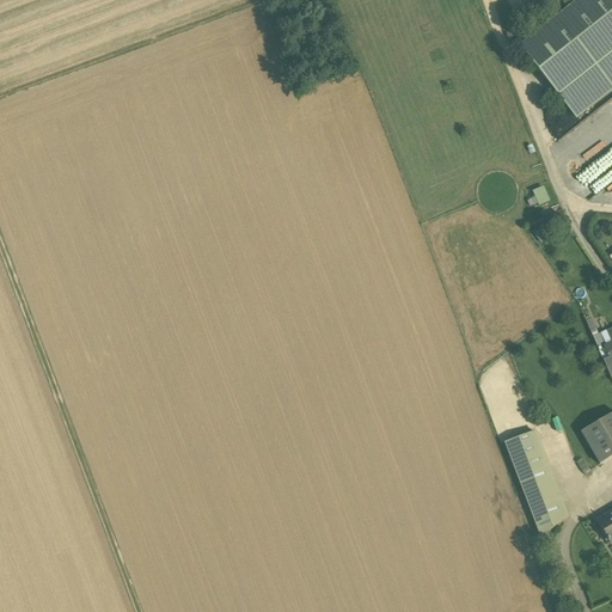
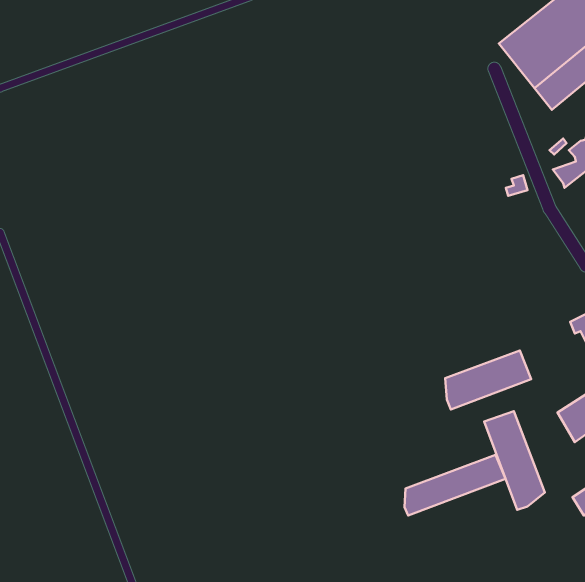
building: none -> [445,351,531,409]
building: none -> [405,455,506,515]

